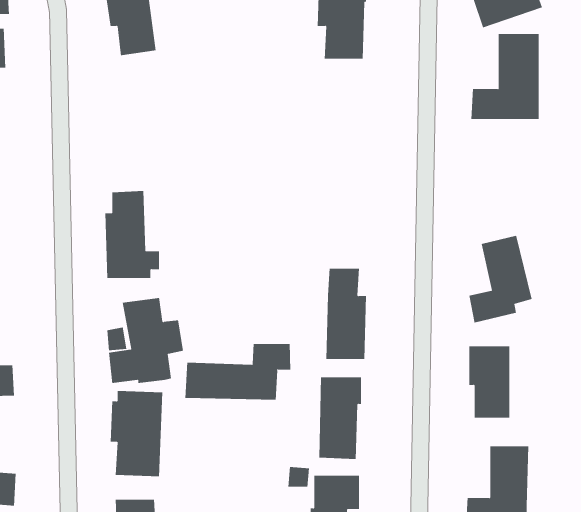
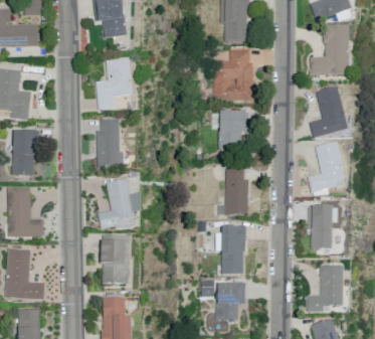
building: none -> [213,47,253,101]
building: none -> [97,56,133,110]
building: none -> [310,87,349,139]
building: none -> [219,109,246,149]
building: [185,343,291,401] -> none

